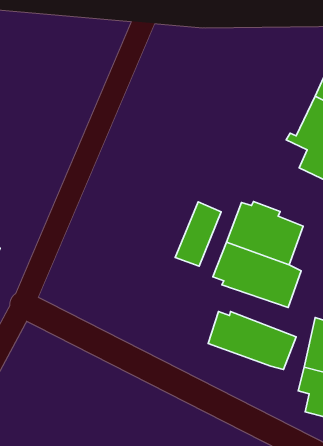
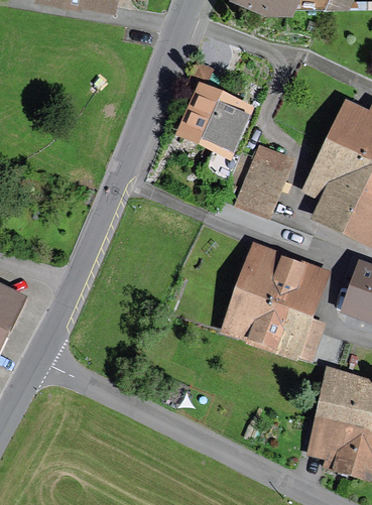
building: none -> [183,66,249,179]
building: [175,202,221,266] -> [240,149,286,215]
building: [208,311,296,369] -> none

